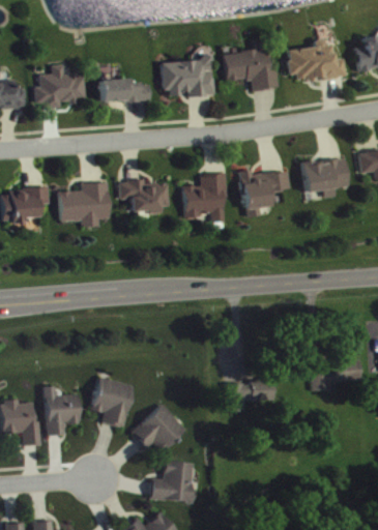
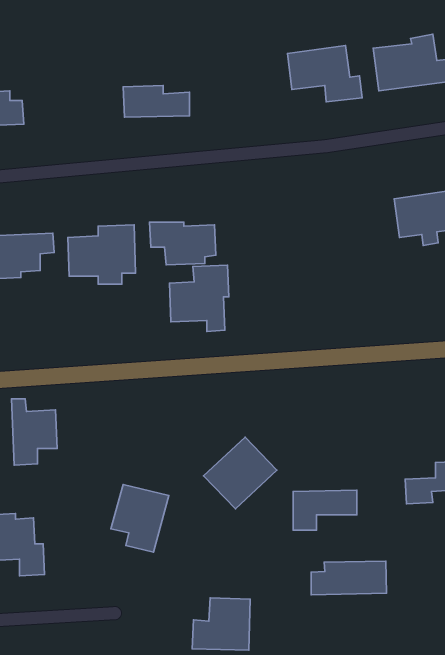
building: [162,58,213,96] -> none
building: [33,64,85,107] -> none
building: [240,170,291,217] -> none
building: [183,173,228,223] -> [169,265,229,331]
building: [45,386,79,436] -> [11,399,57,465]
building: [132,404,186,458] -> [204,437,277,509]
building: none -> [311,561,386,595]

